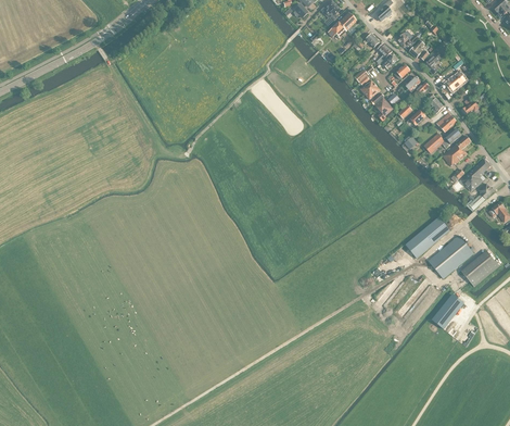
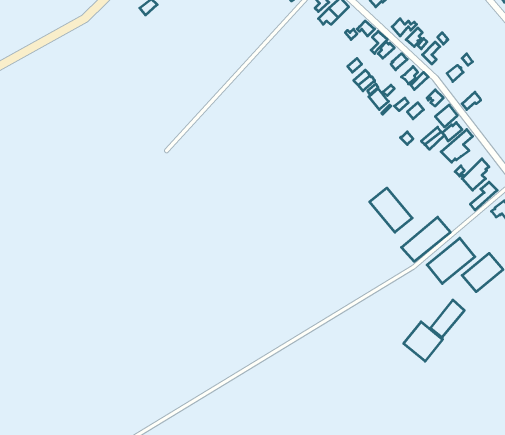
building: none -> [370,188,412,232]
building: none -> [404,322,443,361]

